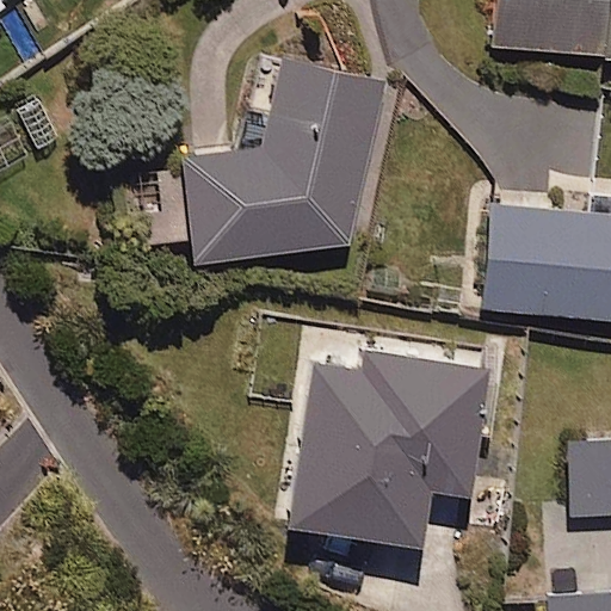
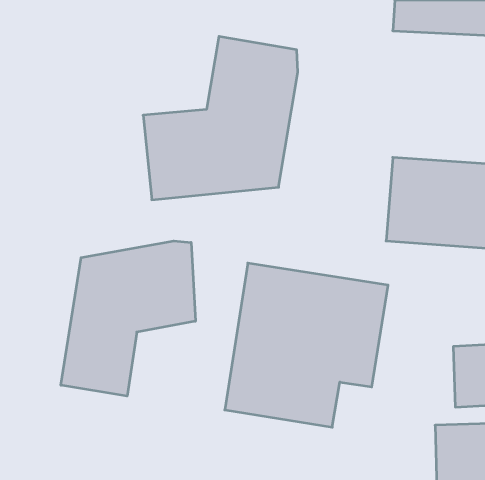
building: none -> [61,241,195,396]

